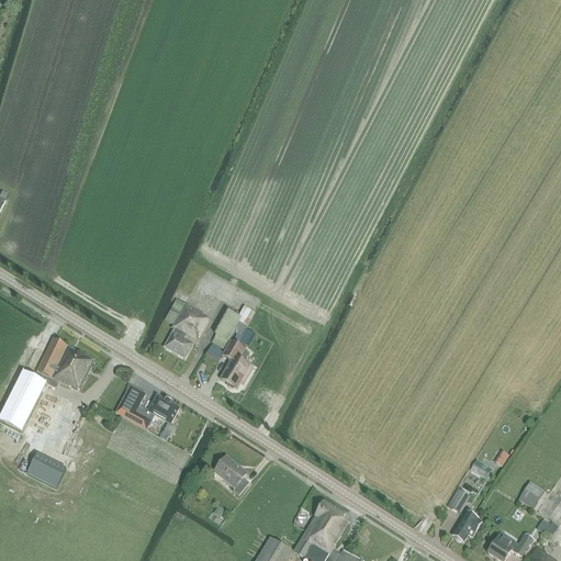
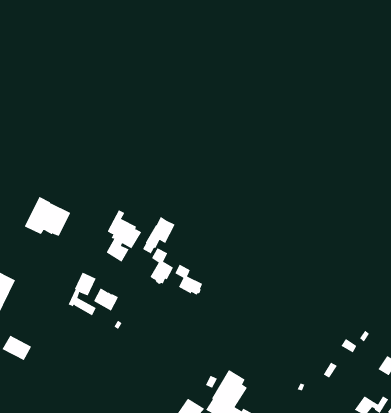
building: [32,337,93,390] -> [24,196,71,237]
building: none -> [174,264,203,296]
building: [212,456,248,495] -> none
building: [450,513,480,542] -> none

